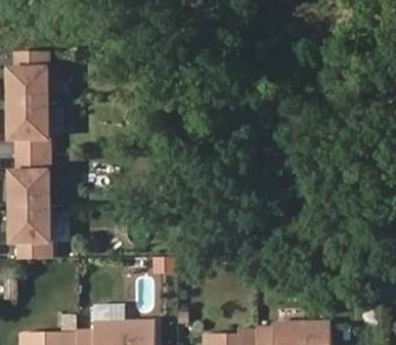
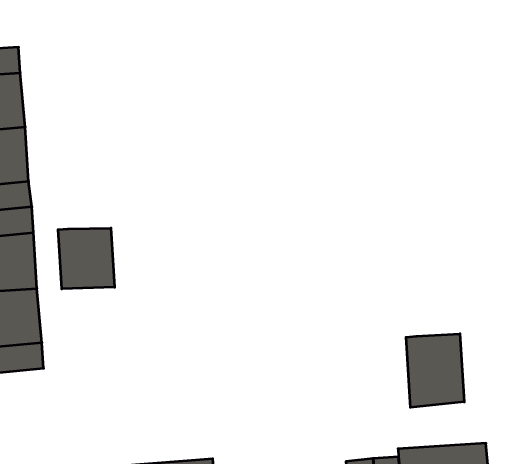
building: none -> [58,228,115,289]
building: none -> [406,334,464,407]

